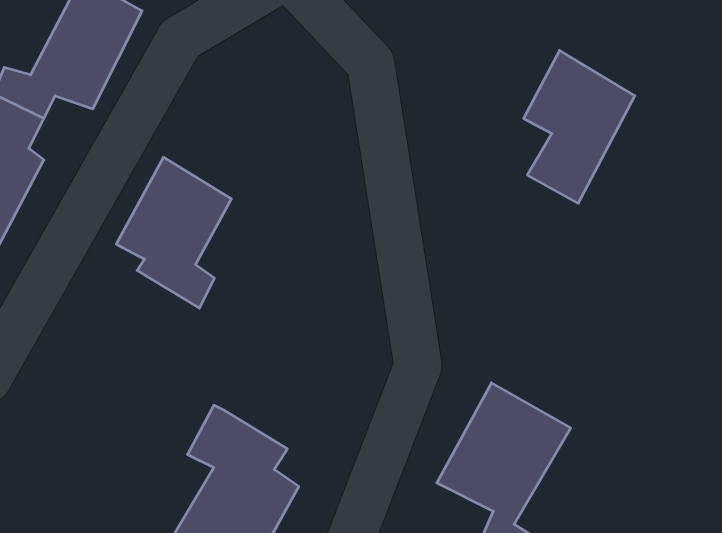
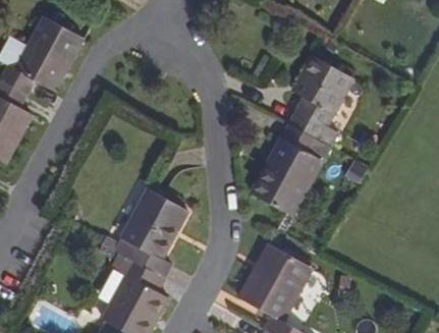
building: [116,157,231,308] -> [116,193,178,275]
building: none -> [252,127,321,221]

